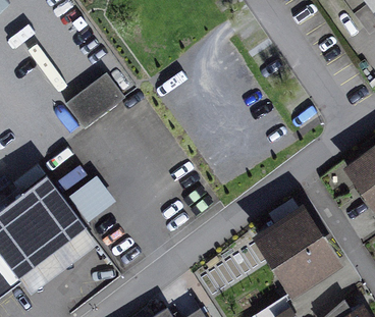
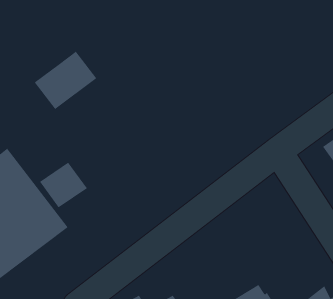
building: [253,199,343,294] -> none

